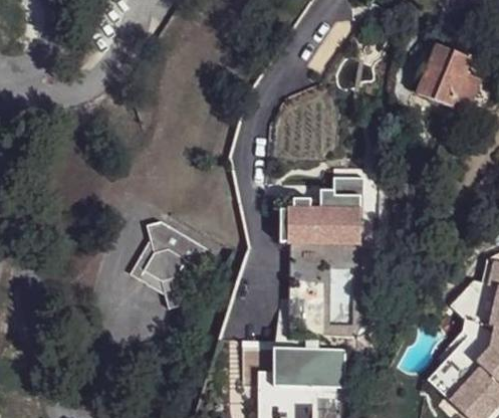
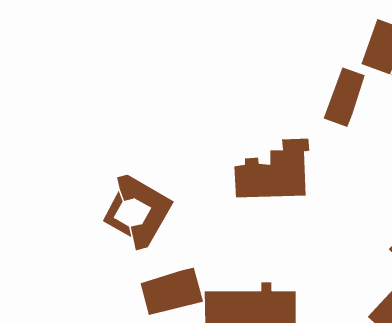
building: none -> [323,66,366,128]
building: none -> [140,267,204,316]

